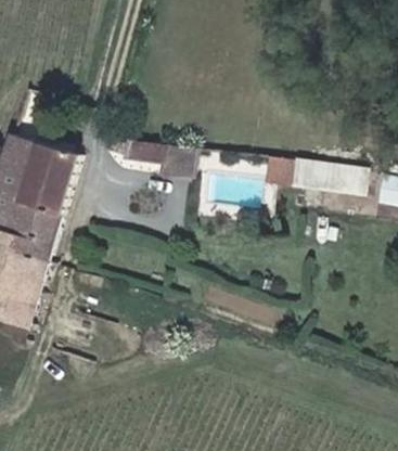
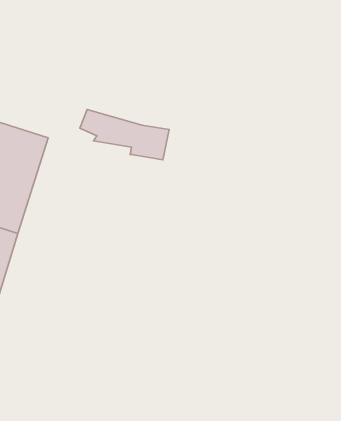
building: [268,157,371,195] -> none

